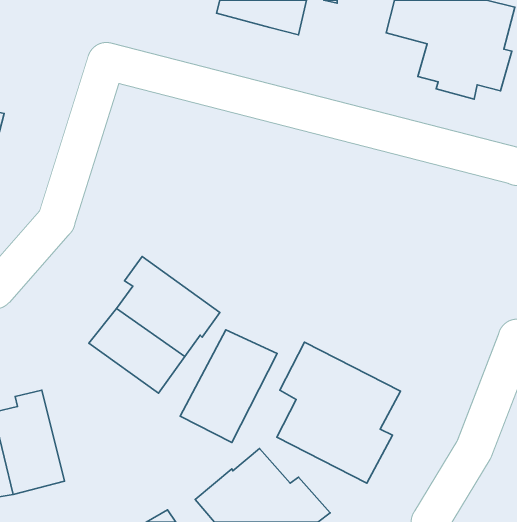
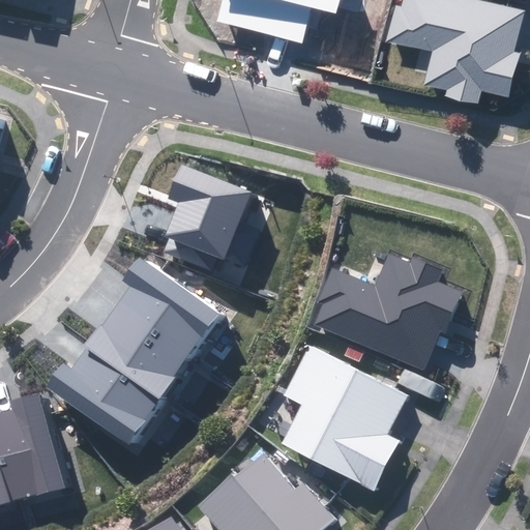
building: none -> [158,165,254,272]
building: none -> [316,254,462,369]
building: [180,330,277,443] -> none
building: none -> [48,348,160,445]

